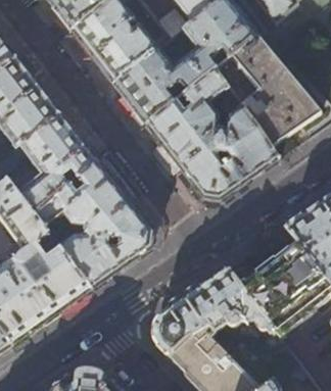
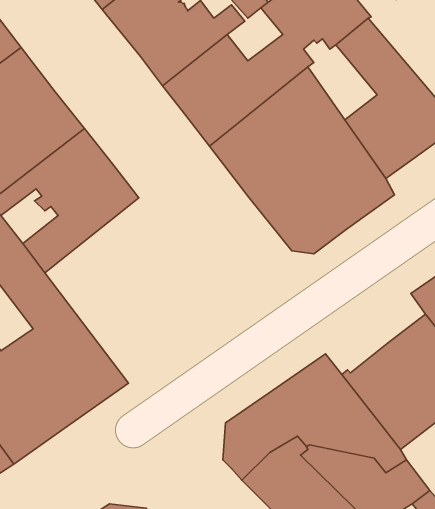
building: [32,160,152,289] -> none

